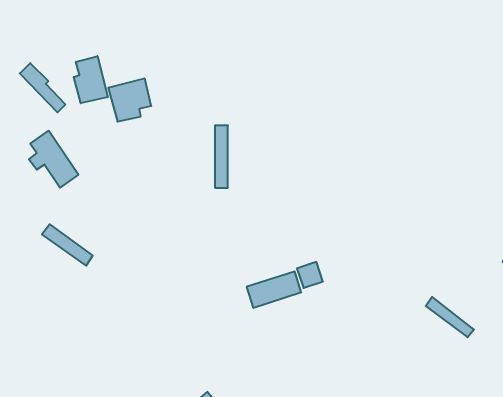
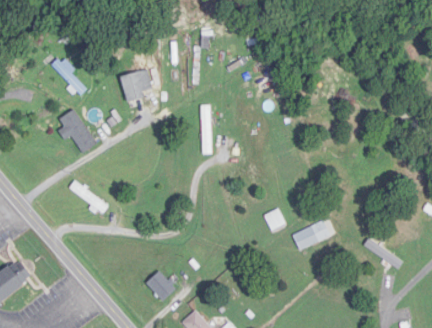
building: [74,56,108,103] -> none
building: [247,271,301,308] -> [292,220,334,248]
building: none -> [146,271,175,301]

